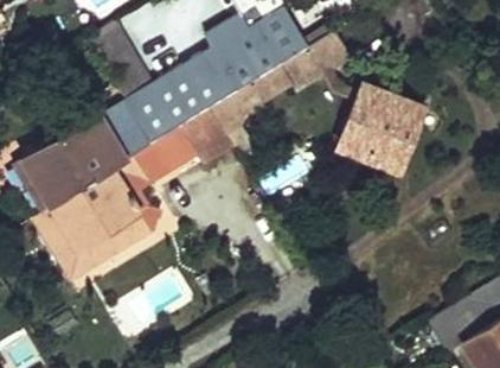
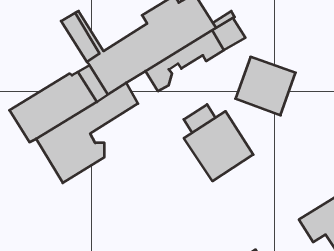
building: [181,108,235,165] -> none
building: none -> [184,111,253,181]
building: [31,204,91,279] -> none

